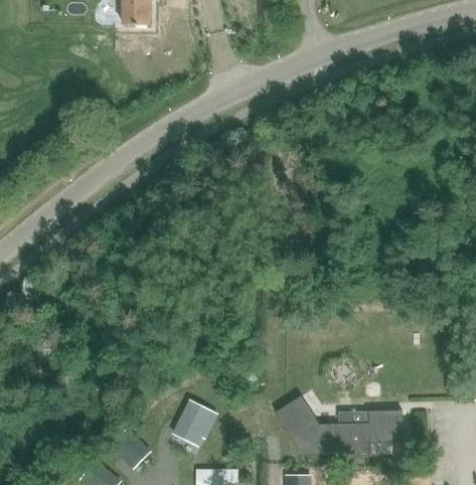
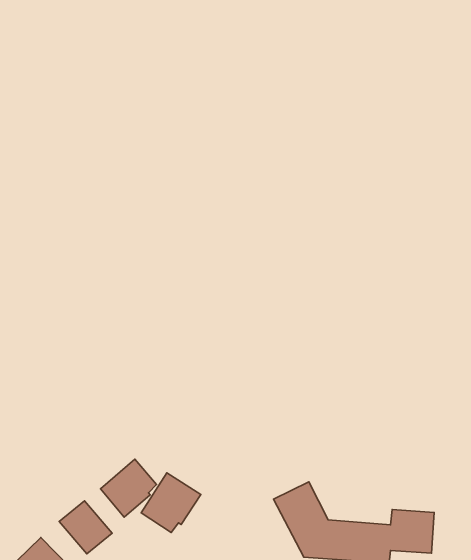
building: none -> [100,459,157,517]

